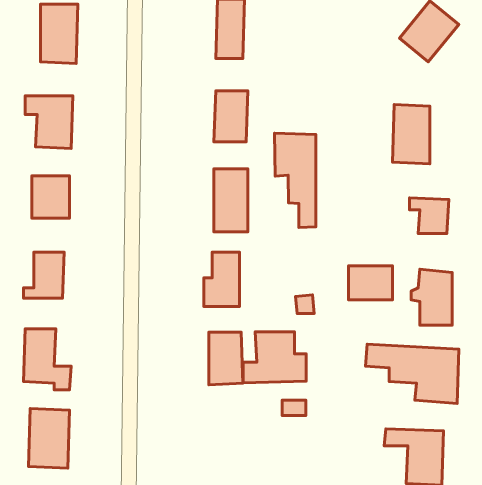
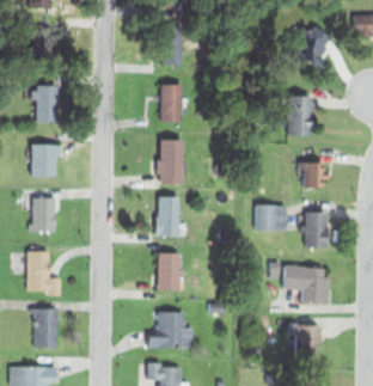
building: [274,133,316,227] -> none
building: [243,332,306,383] -> [148,313,192,349]

